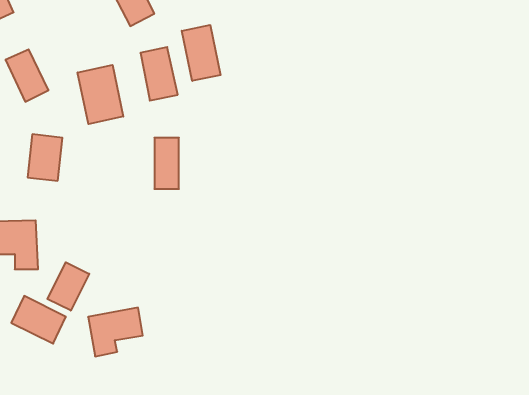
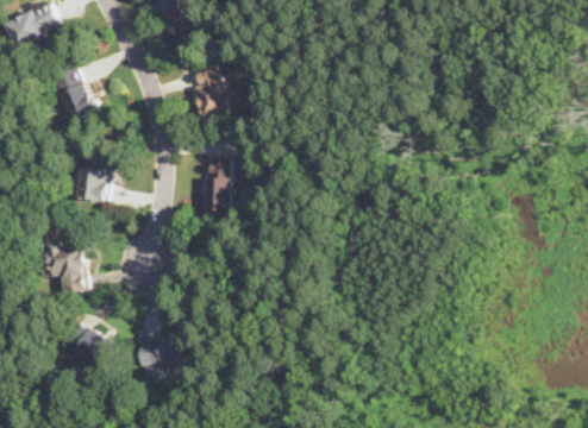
building: [182,25,221,81] -> none
building: [78,65,123,124] -> none
building: [47,262,89,311] -> none

